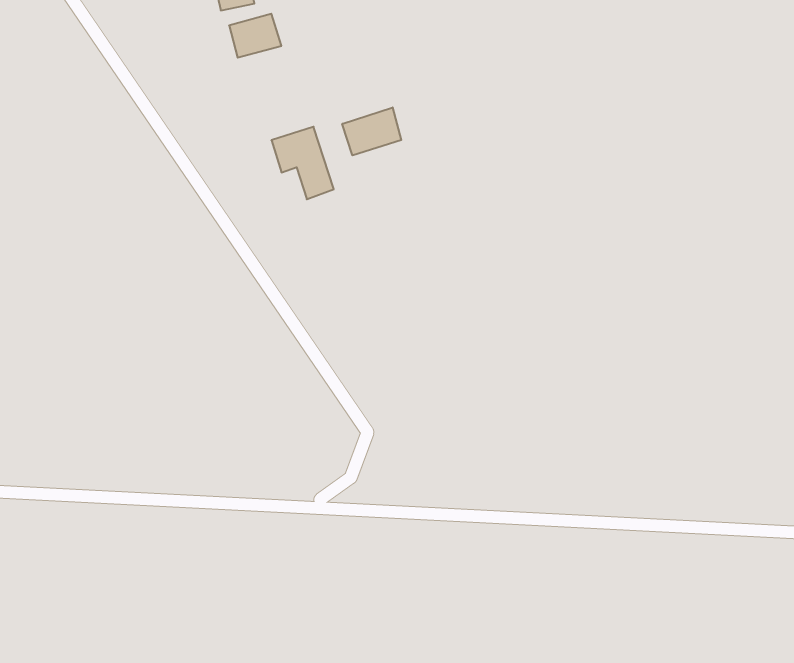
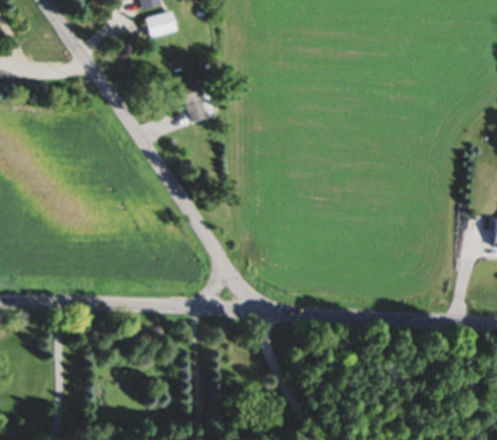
building: [342,107,401,155] -> none

